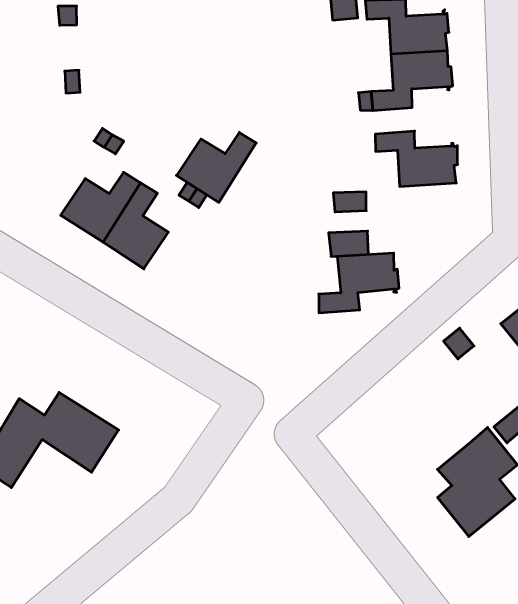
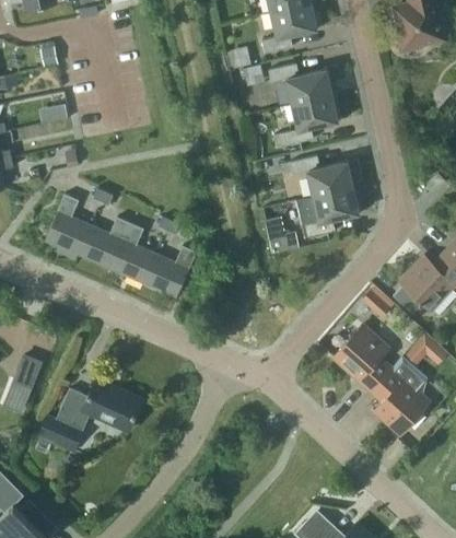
building: none -> [45,195,91,255]
building: [176,132,256,202] -> [142,246,195,297]
building: [319,253,399,313] -> [304,188,360,238]
building: none -> [332,326,390,391]

